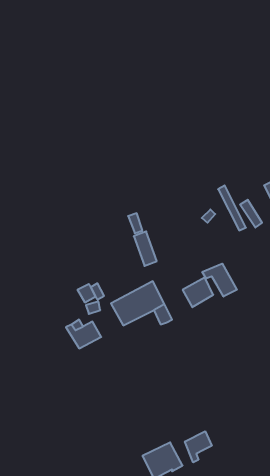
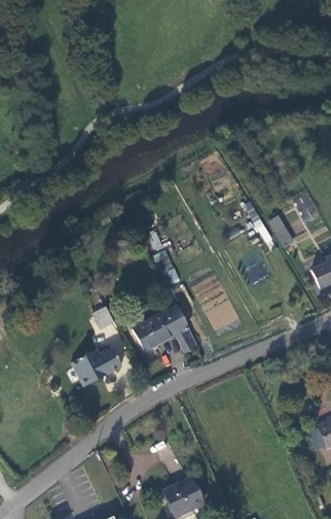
building: [202,264,237,297] -> none
building: none -> [70,354,96,384]
building: [185,431,212,462] -> none

